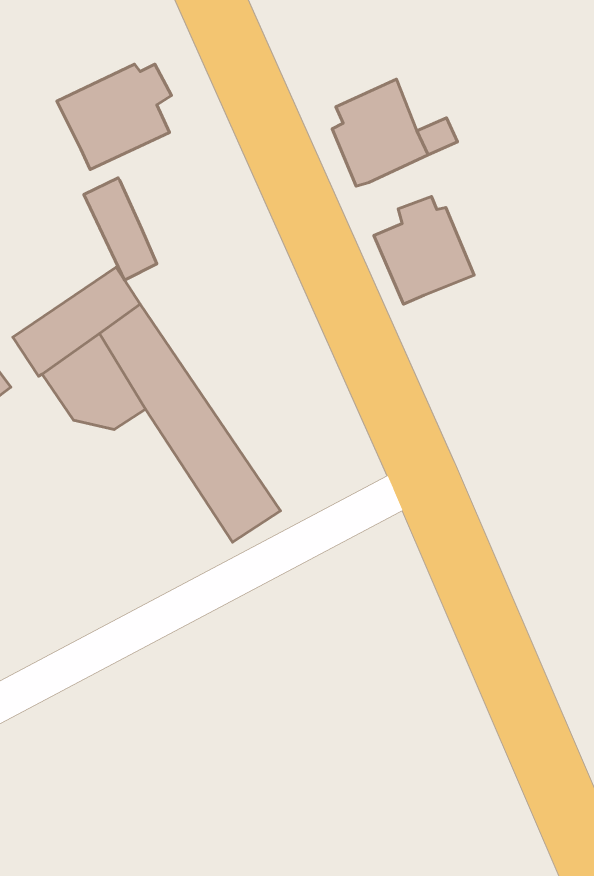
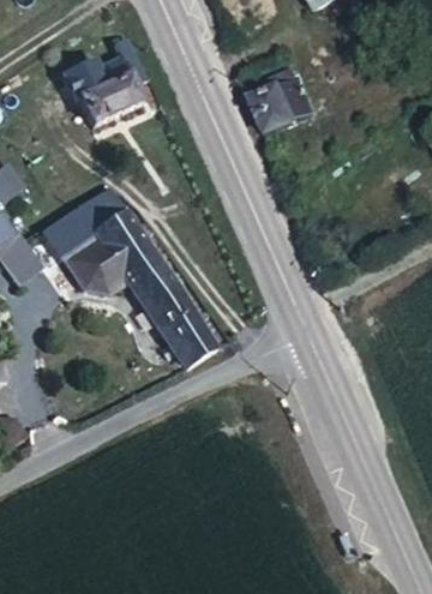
building: [84,178,157,280] -> none
building: [374,196,474,304] -> none

